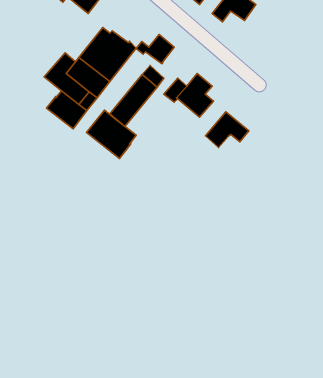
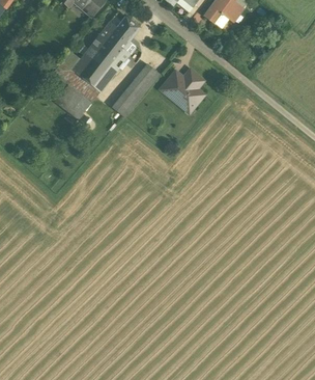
building: [136,35,174,63] -> [106,16,140,42]
building: [87,110,136,158] -> none
building: [205,112,249,148] -> none

